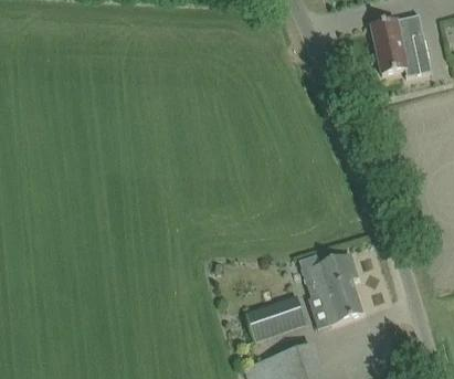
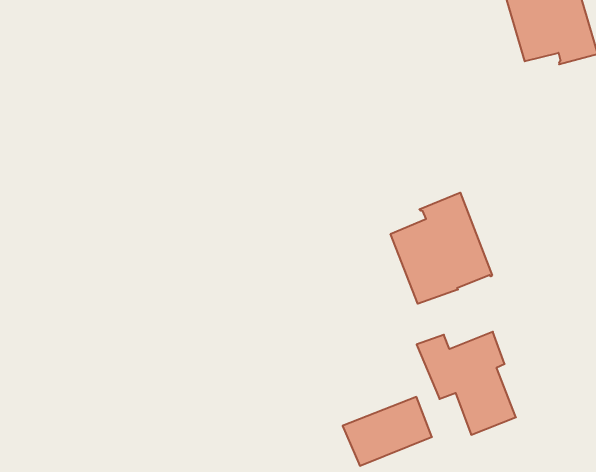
building: none -> [391,193,492,304]

